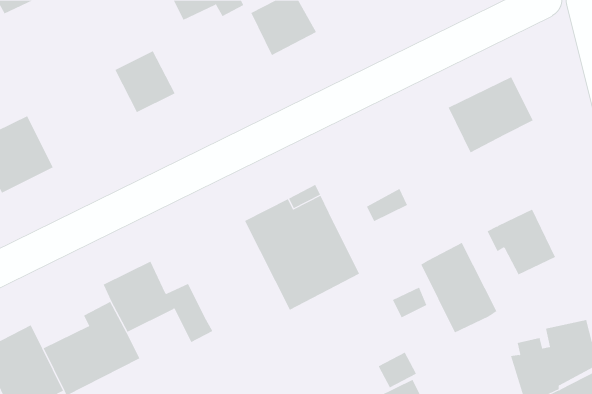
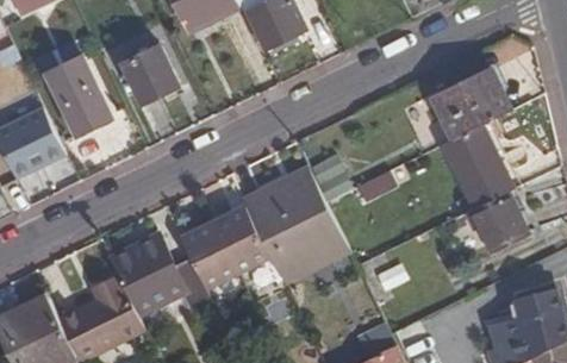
building: none -> [46,56,112,136]
building: none -> [179,209,264,290]
building: [421,242,497,333] -> [441,124,511,207]

